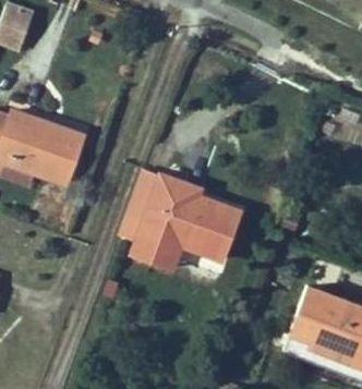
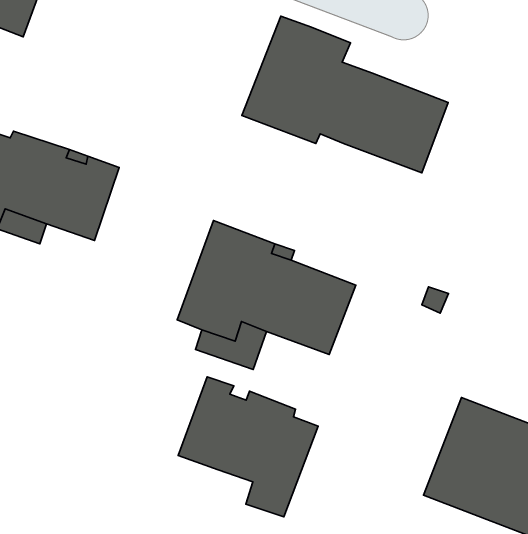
building: none -> [242,16,448,173]
building: none -> [178,377,318,517]

